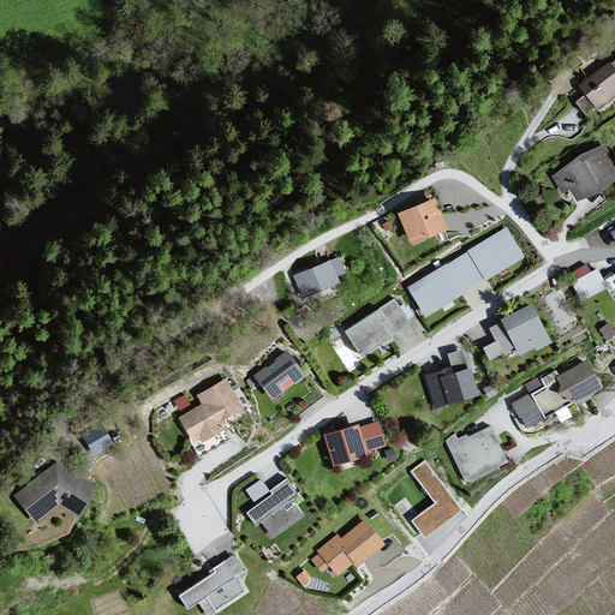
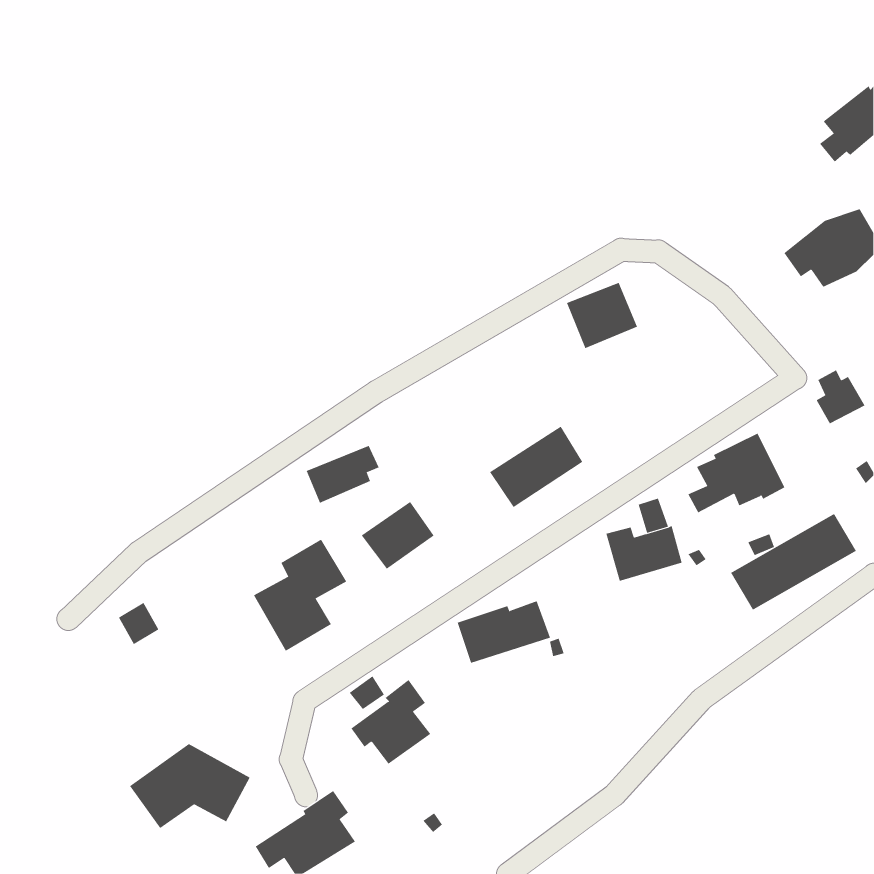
building: [406,227,525,317] -> none
building: [294,257,346,298] -> [306,445,379,503]
building: [446,426,508,483] -> none
building: [408,458,461,537] -> none
building: [13,464,98,524] -> [129,743,251,829]
building: [312,520,384,575] -> none

